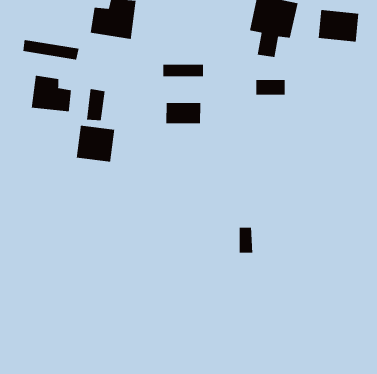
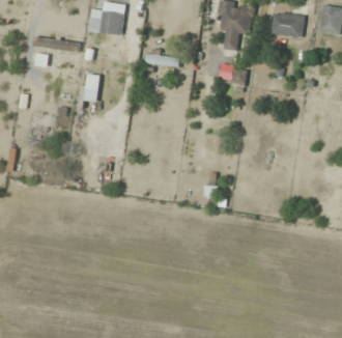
building: [31,75,72,112] -> none
building: [166,102,201,124] -> none
building: [76,125,115,162] -> none

